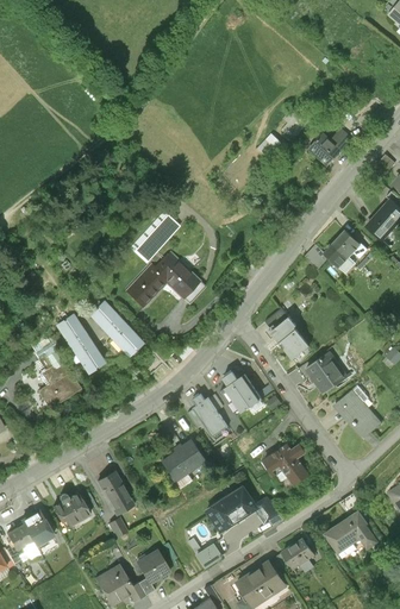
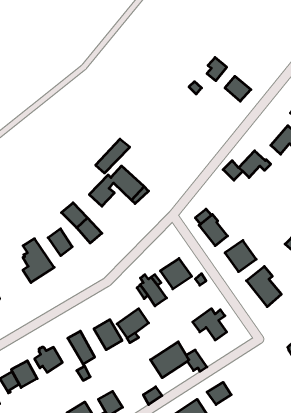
building: [56,313,88,347] -> none
building: none -> [94,320,122,350]
building: [324,510,377,554] -> none

